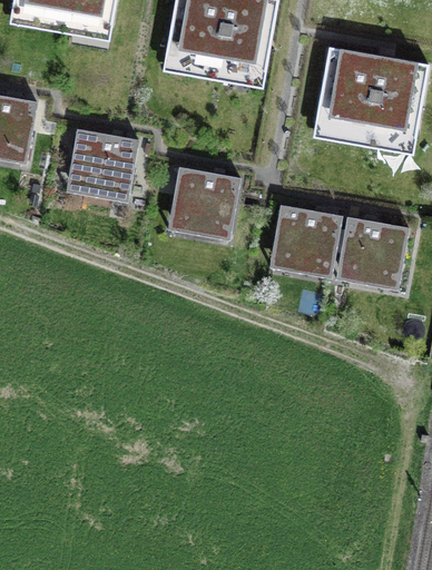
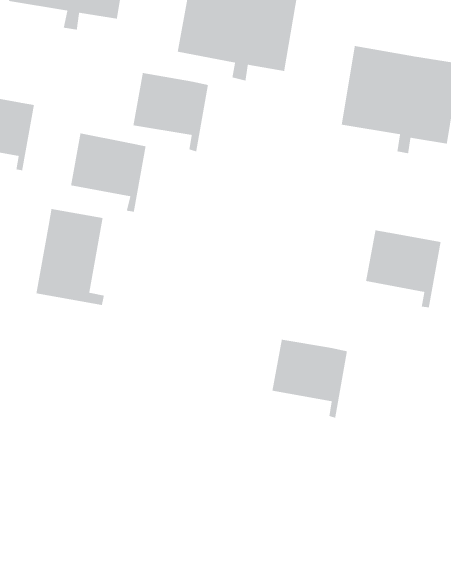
building: [169,168,239,242] -> [133,72,209,152]
building: none -> [35,208,105,306]
building: [272,206,342,279] -> [272,339,348,419]

